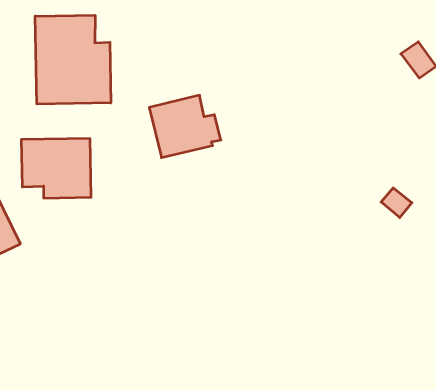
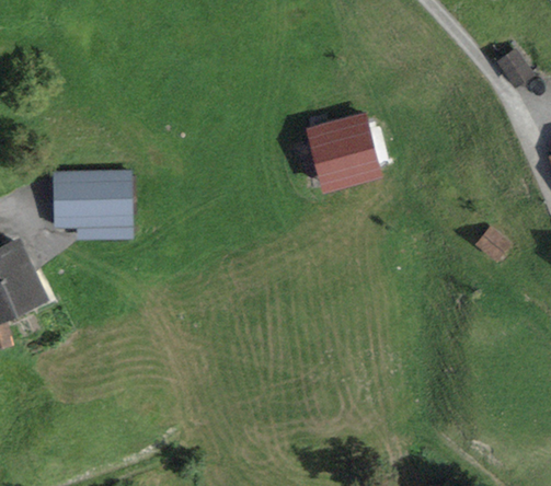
building: [35,15,111,104] -> none
building: [149,95,221,158] -> [309,114,393,187]

